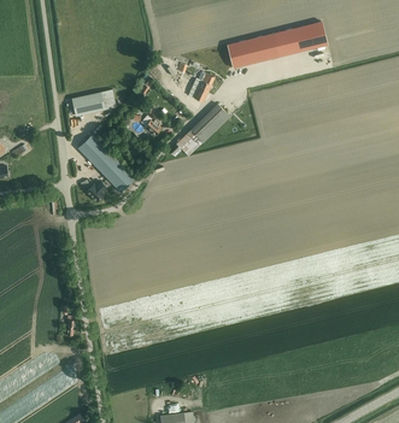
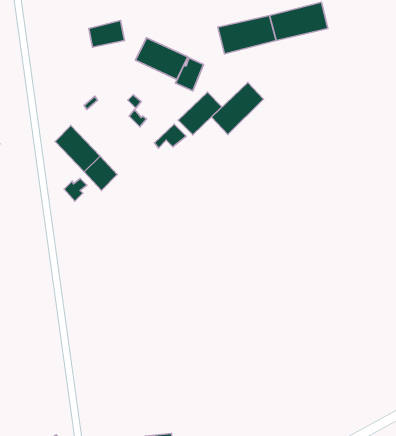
building: none -> [136,38,188,79]
building: [71,92,104,116] -> [89,20,124,47]
building: none -> [211,82,263,134]

